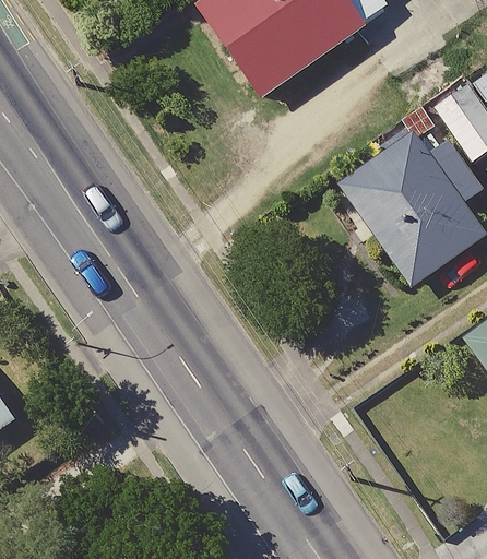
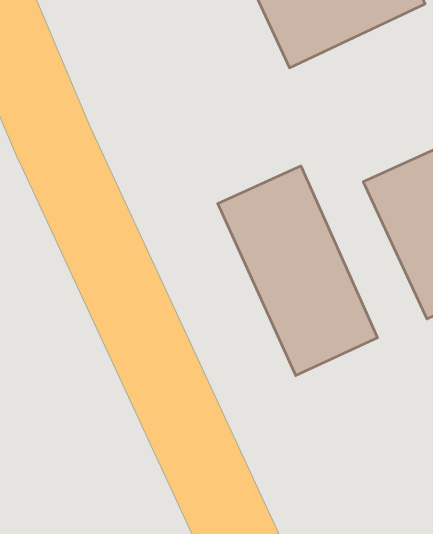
building: none -> [218,166,377,376]

